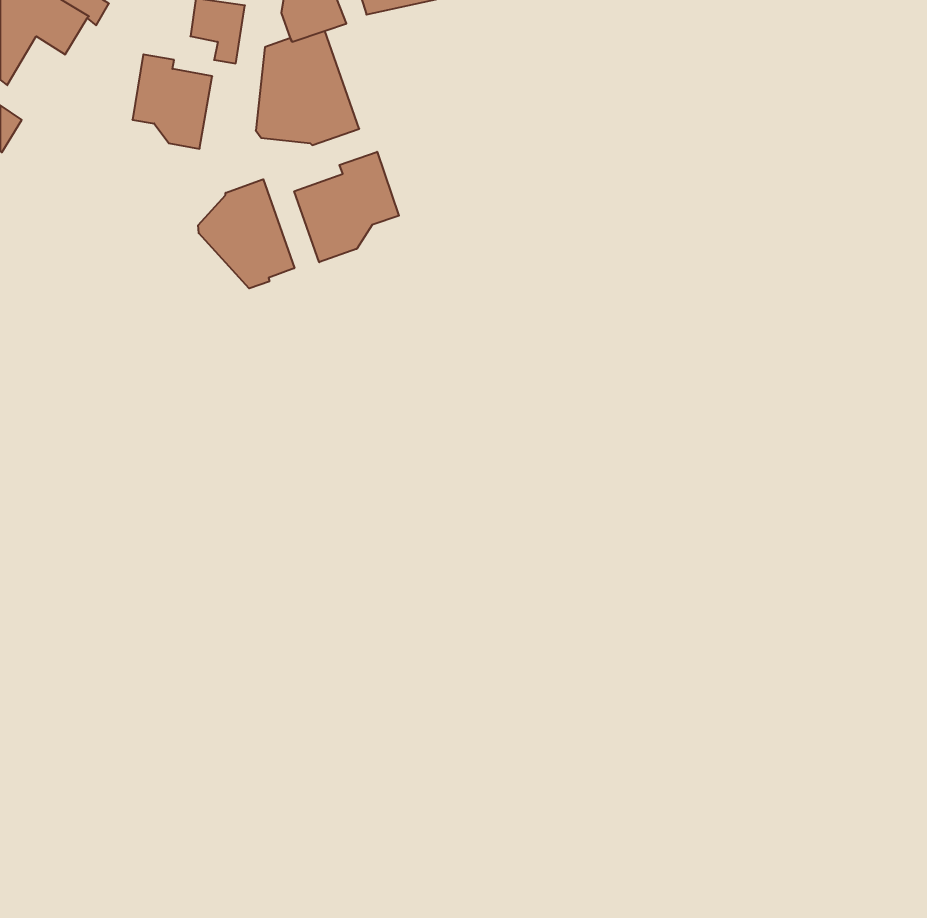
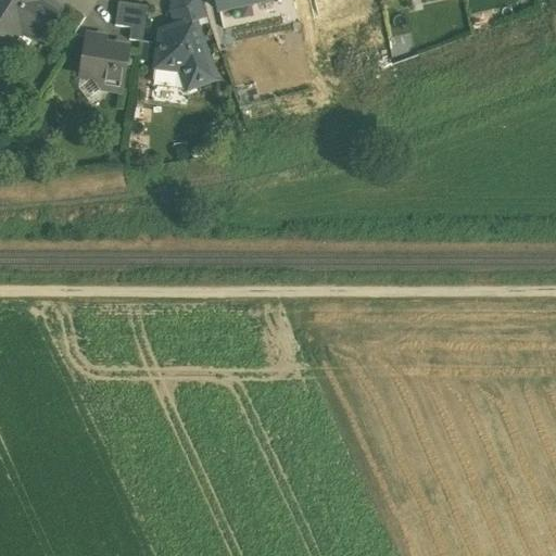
building: [294,152,399,262] -> none
building: [198,179,294,288] -> none

